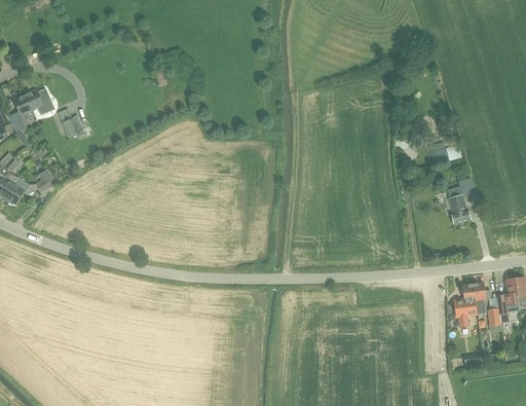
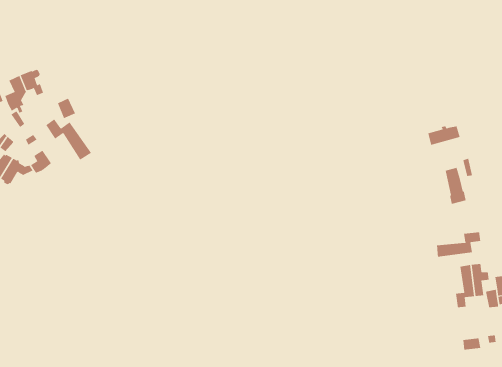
building: none -> [45,119,92,160]
building: none -> [437,231,481,257]

